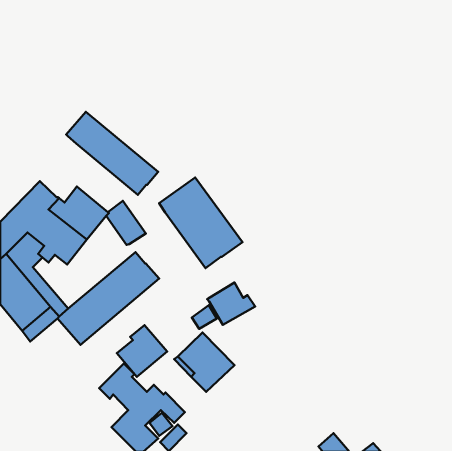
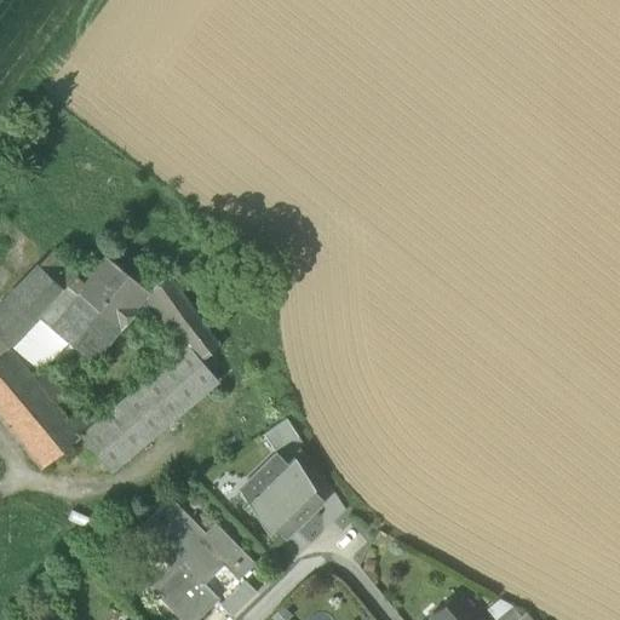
building: [66,112,158,195] -> none
building: [159,177,242,268] -> none
building: none -> [177,321,219,362]
building: [207,283,255,325] -> none
building: [117,325,167,377] -> none

